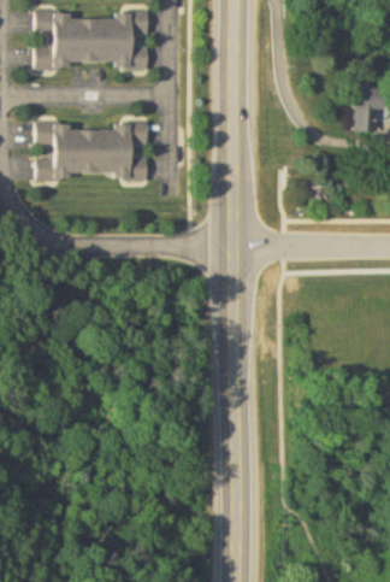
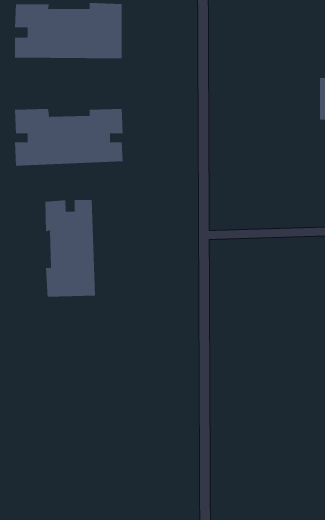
building: none -> [45,199,95,297]

